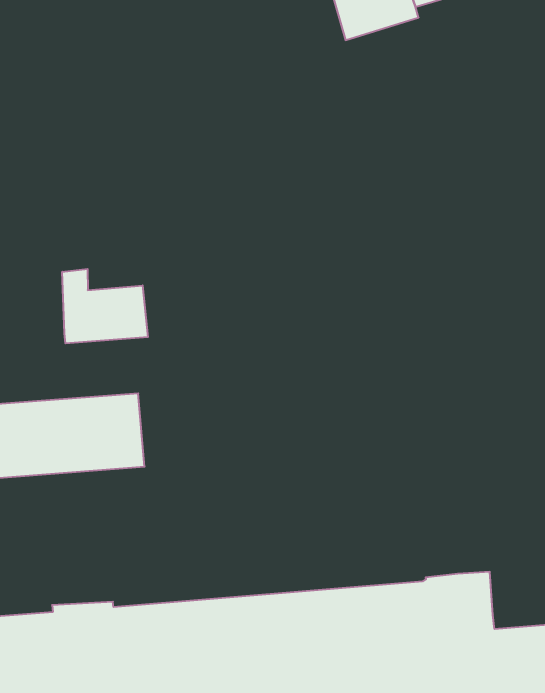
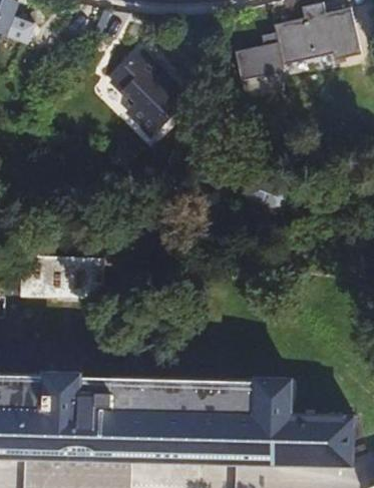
building: none -> [110,50,189,135]
building: [62,269,148,343] -> none

